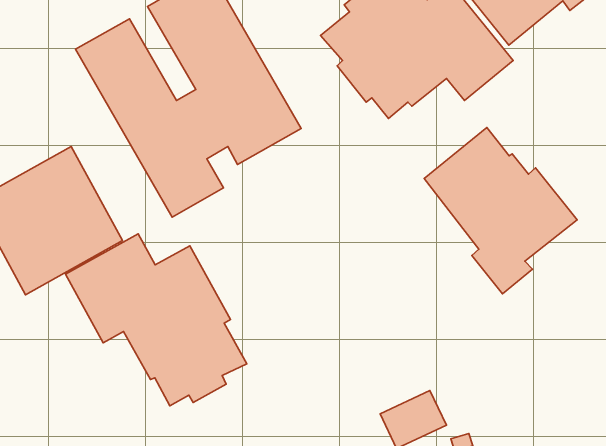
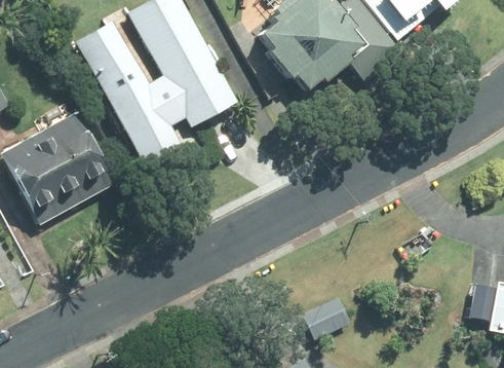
building: [424,127,577,294] -> none
building: [66,234,247,406] -> none

